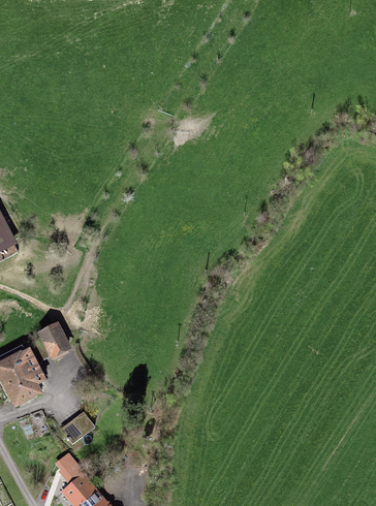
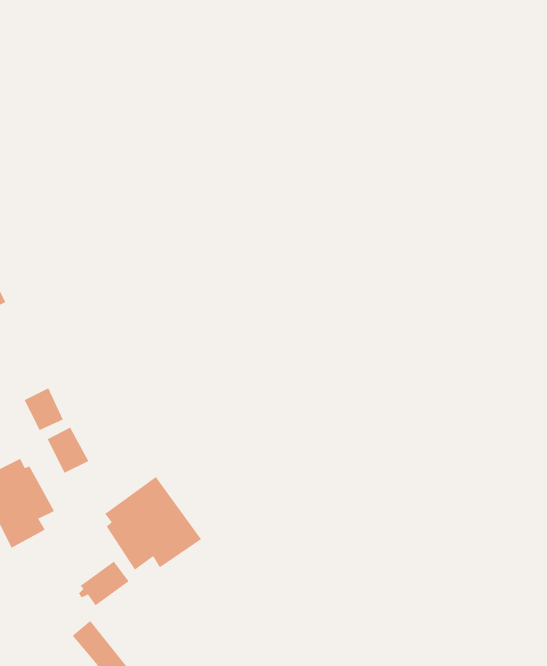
building: none -> [24,387,63,431]
building: none -> [105,476,202,570]

